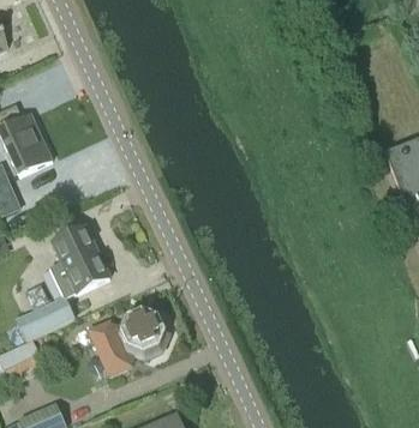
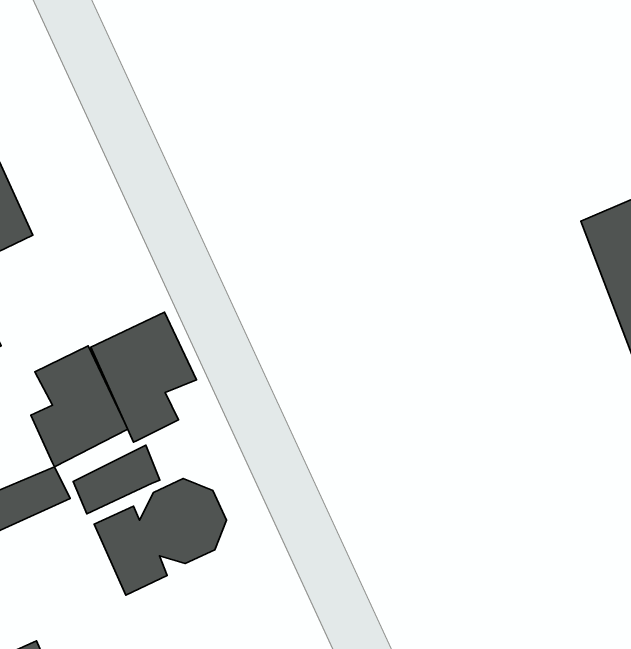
building: none -> [91,312,196,442]
building: none -> [73,445,160,514]

